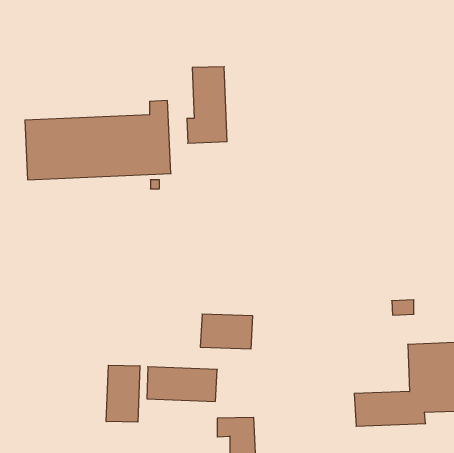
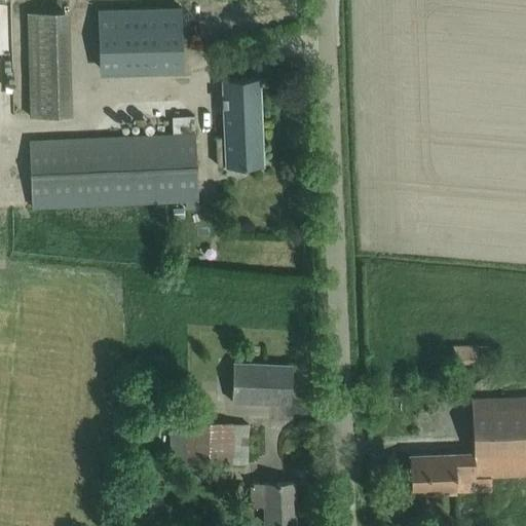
building: none -> [100,8,185,75]
building: none -> [28,12,72,120]
building: [106,365,140,422] -> none

